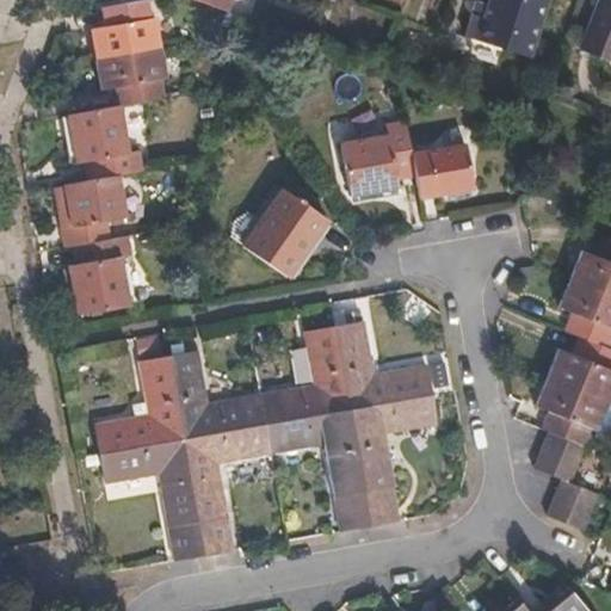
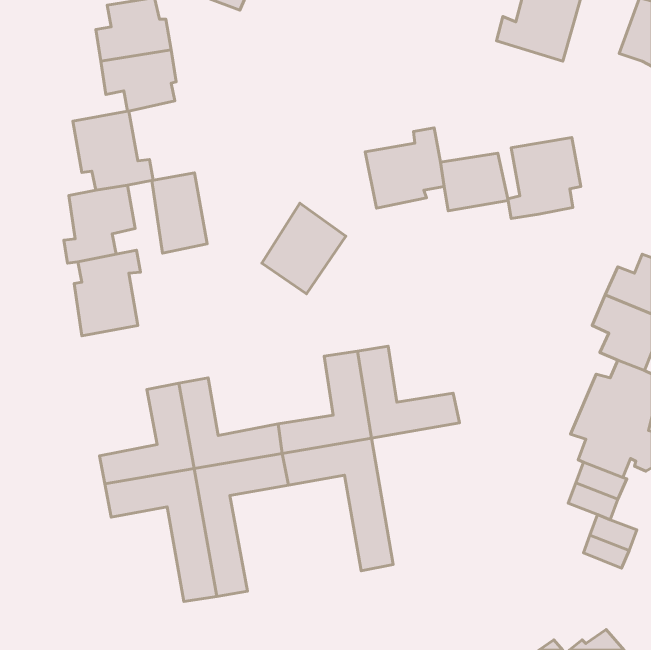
building: none -> [508,137,581,219]
building: none -> [152,173,207,253]
building: [348,395,434,527] -> none

